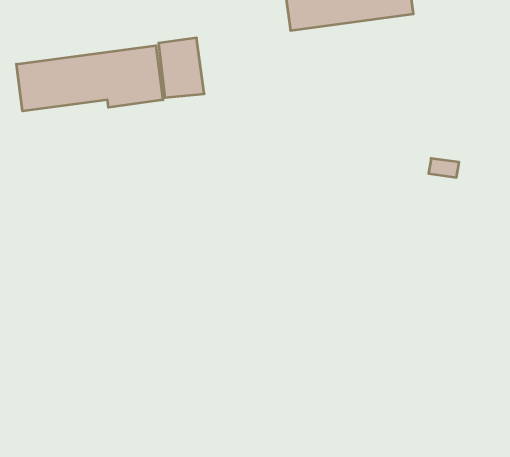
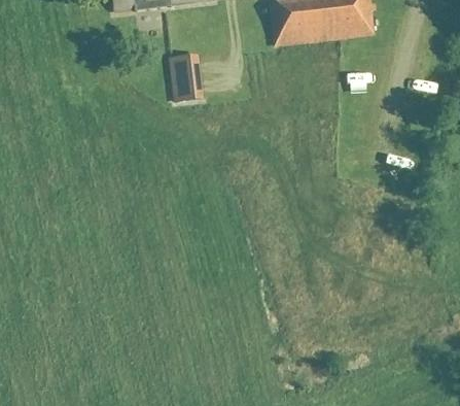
building: [16,46,163,111] -> none

